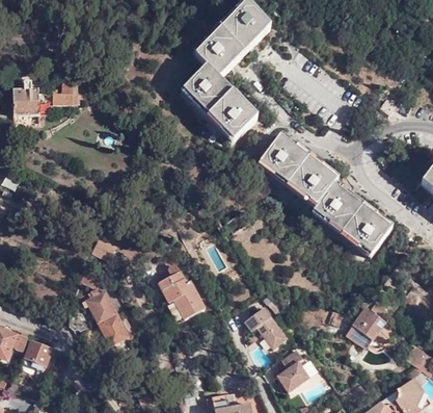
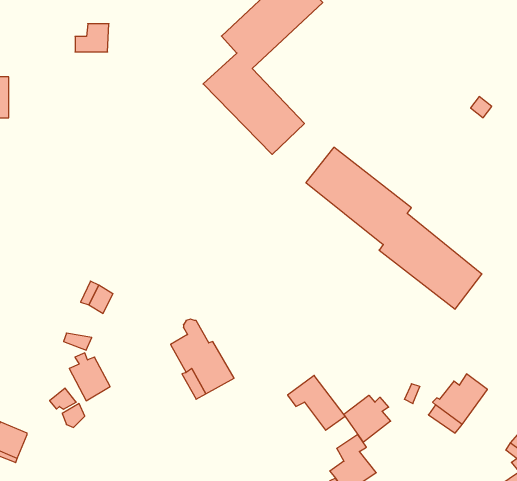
building: [53,82,78,103] -> [75,24,109,52]
building: [96,313,125,345] -> none
building: none -> [344,395,391,442]

